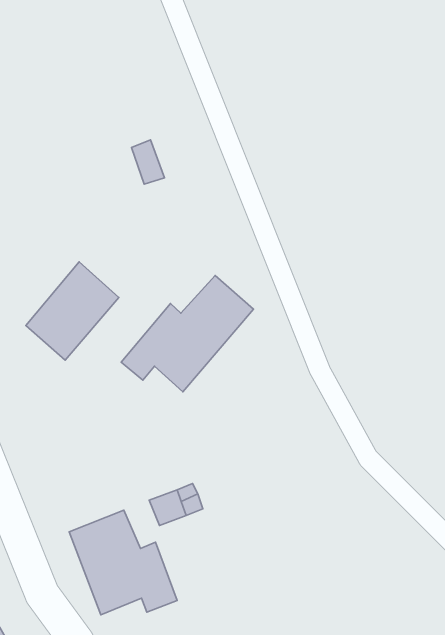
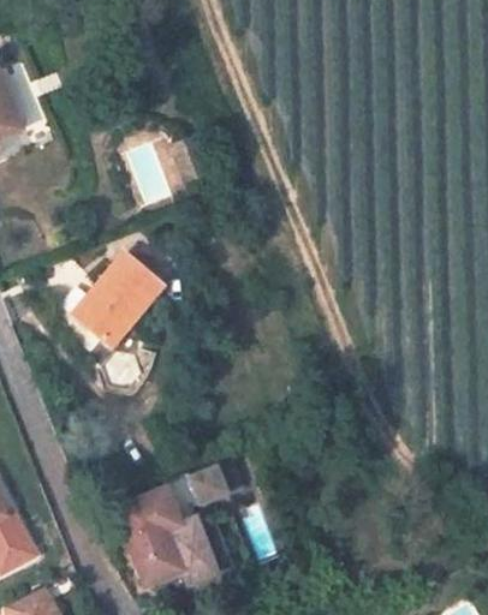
building: [121,276,254,392] -> none

